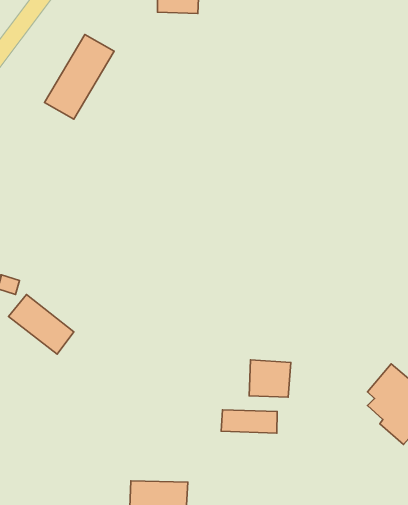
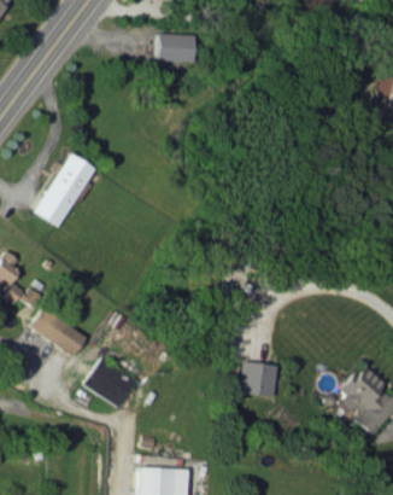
building: [45,34,114,119] -> [36,153,96,227]
building: none -> [84,359,136,408]
building: [221,410,277,433] -> none

